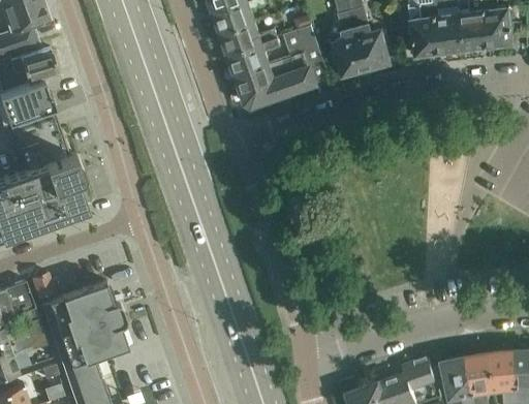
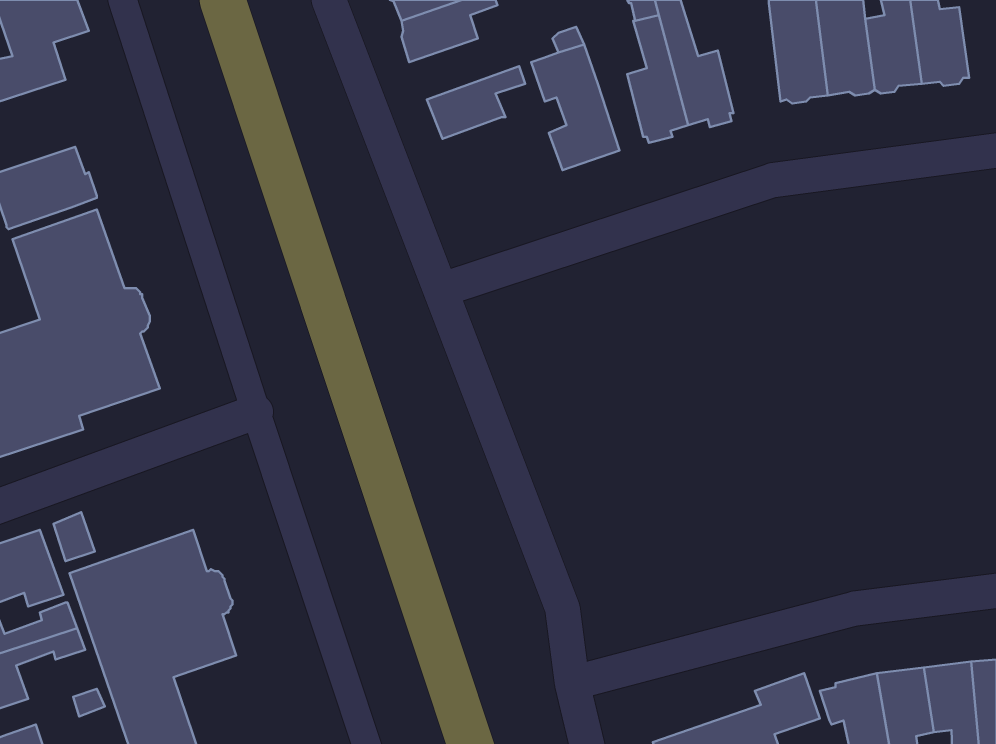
building: [218,24,276,56] -> none
building: [8,49,57,83] -> none
building: [236,55,301,106] -> none

